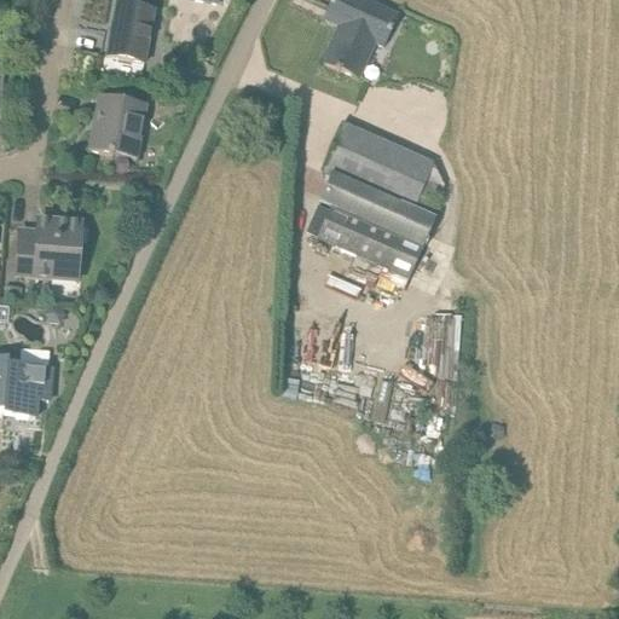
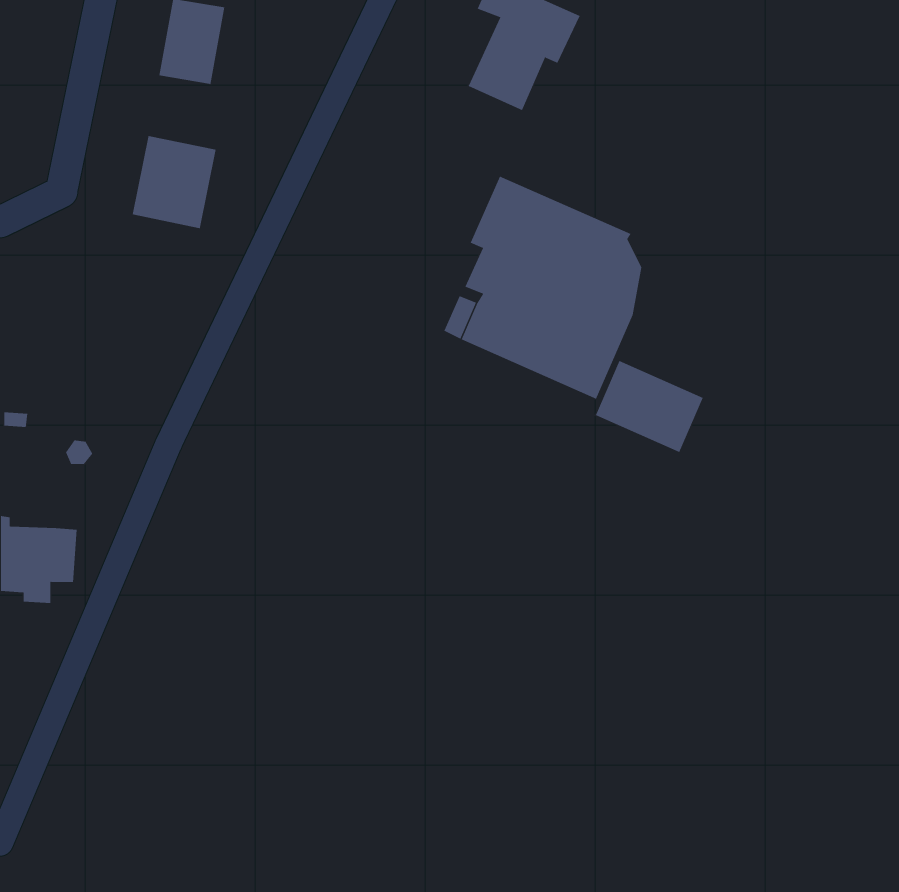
building: [16,218,81,279] -> none
building: none -> [595,360,703,453]

